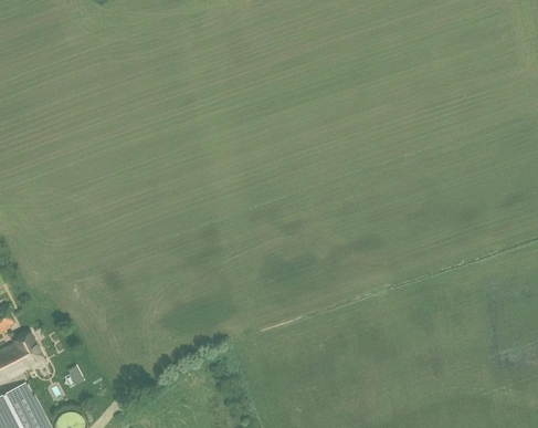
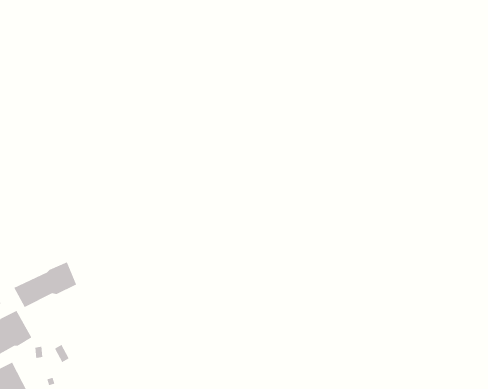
building: none -> [13,262,77,308]

